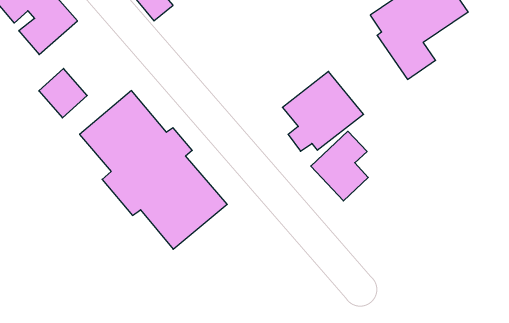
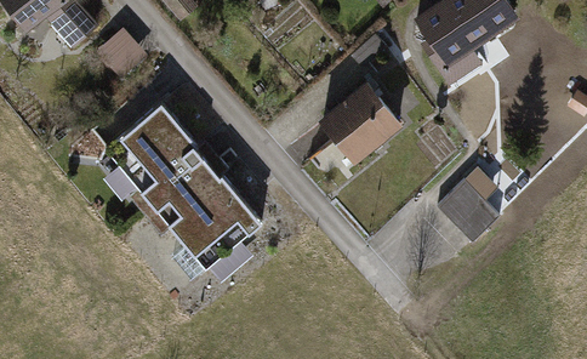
building: [39,68,87,118] -> [96,27,148,80]
building: [311,131,368,201] -> [438,169,500,244]

